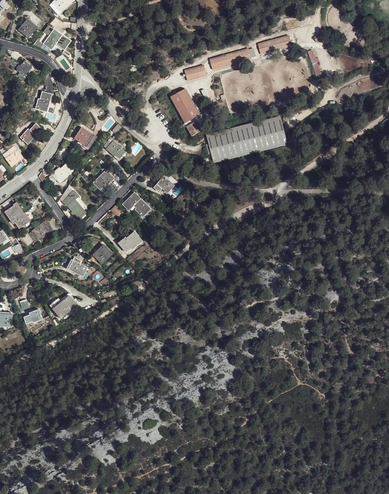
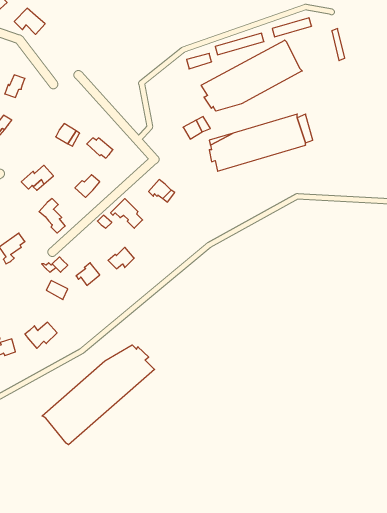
building: none -> [201,40,302,111]
building: [167,92,196,126] -> none
building: none -> [42,345,155,445]

